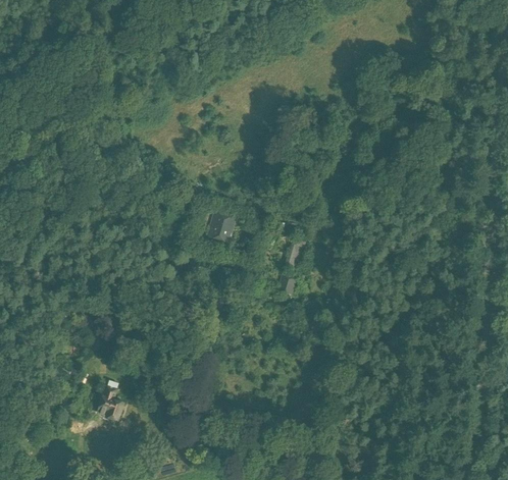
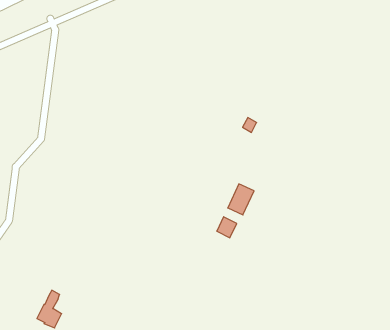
building: [205,212,234,242] -> none

